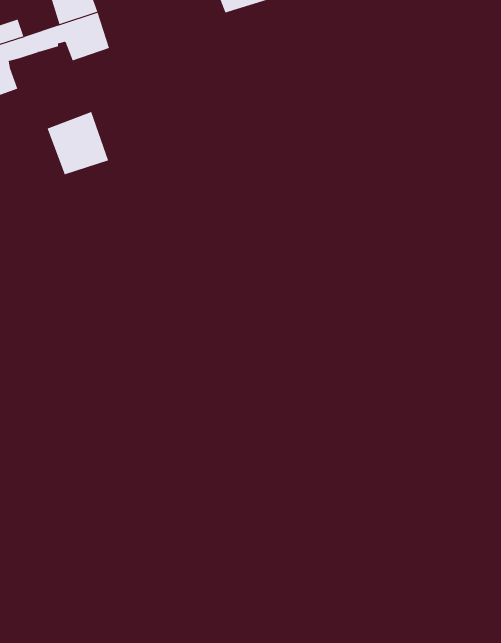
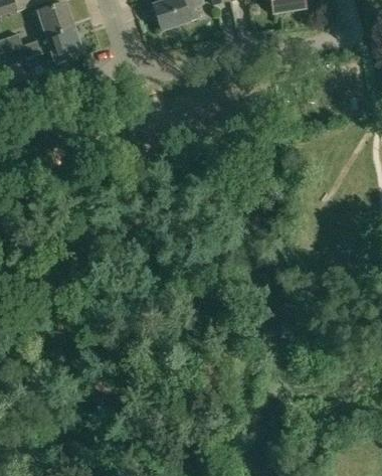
building: [47,111,109,175] -> none

